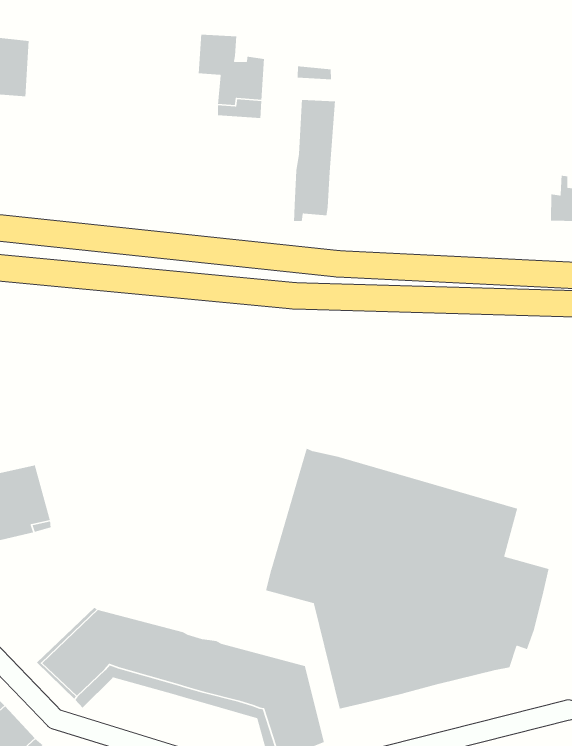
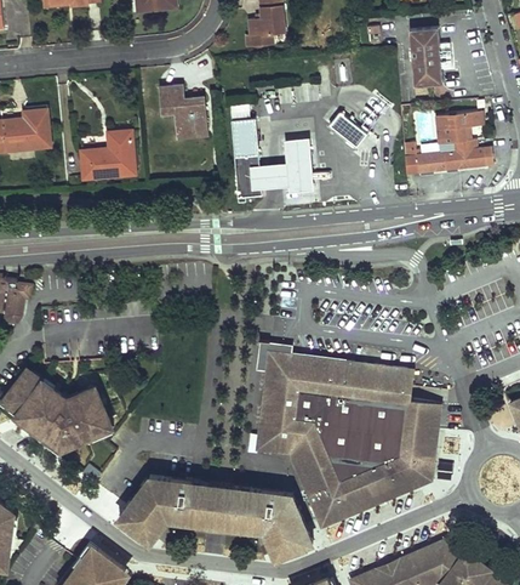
building: none -> [80,132,135,180]
building: none -> [328,114,366,149]
building: none -> [257,140,313,193]
building: none -> [256,339,293,369]
building: none -> [318,459,435,527]

